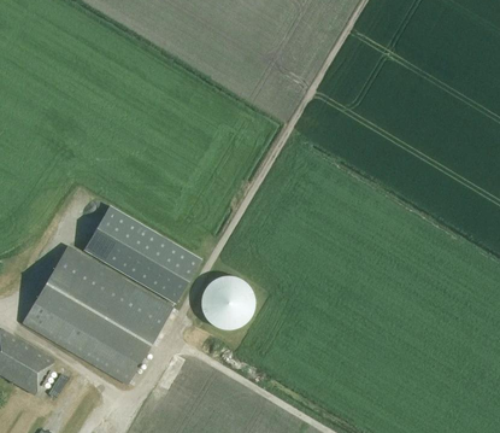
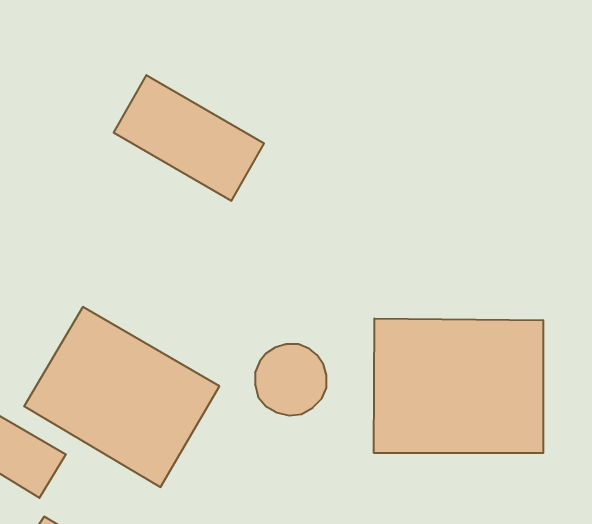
building: [84,206,201,304] -> [114,75,264,201]
building: none -> [374,318,543,453]

